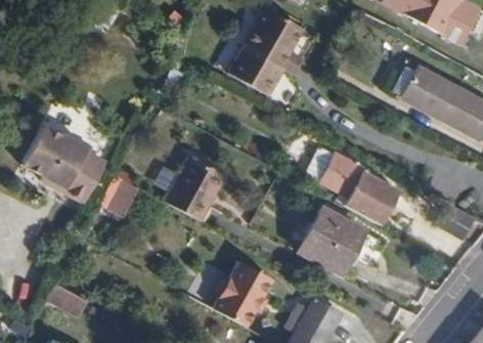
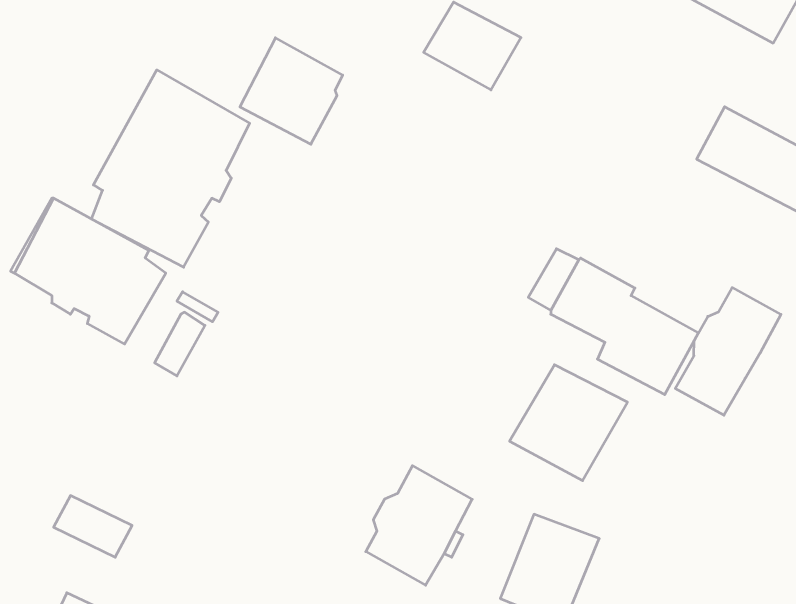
building: [229,38,286,96] -> [240,38,343,144]
building: none -> [91,70,250,267]
building: [166,158,226,222] -> none
building: none -> [675,288,781,415]

